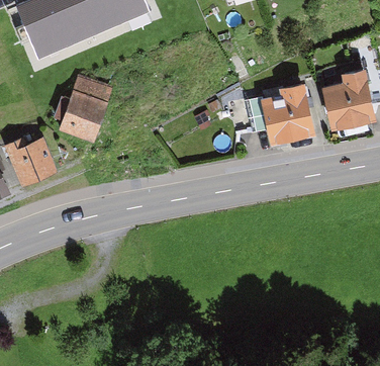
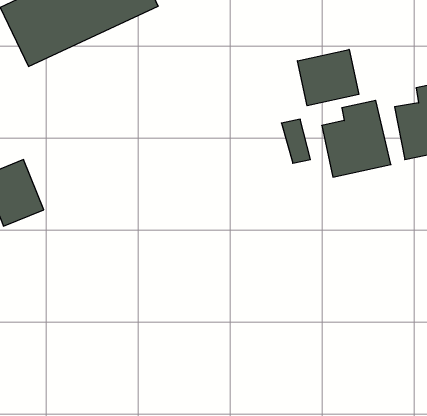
building: none -> [297,49,359,106]
building: [58,75,113,141] -> none

